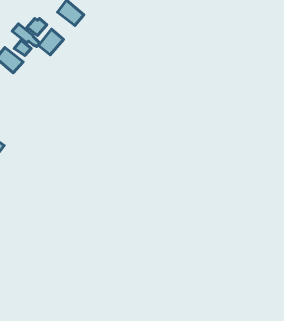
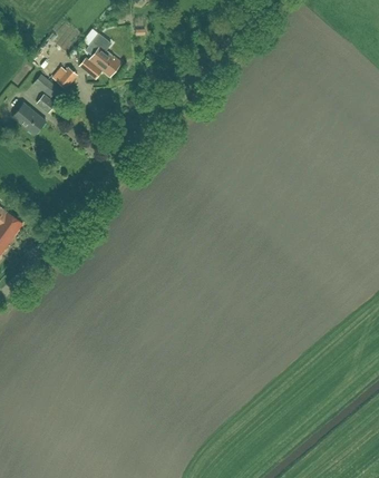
building: [38,29,63,55] -> none

